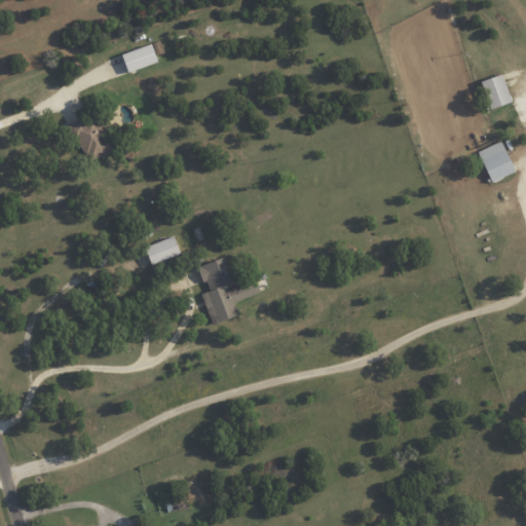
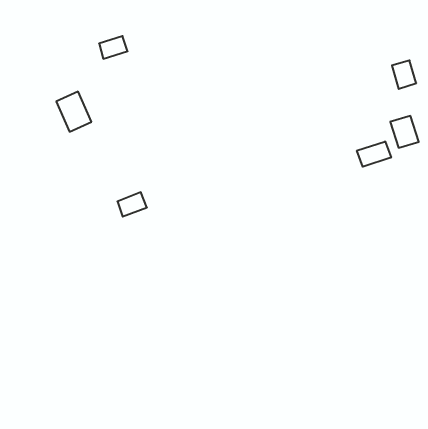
building: none -> [357,141,391,167]
building: [199,258,260,325] -> none

